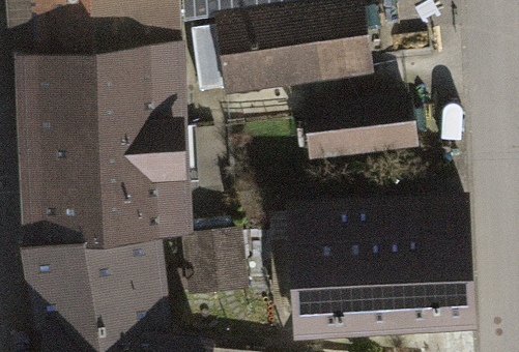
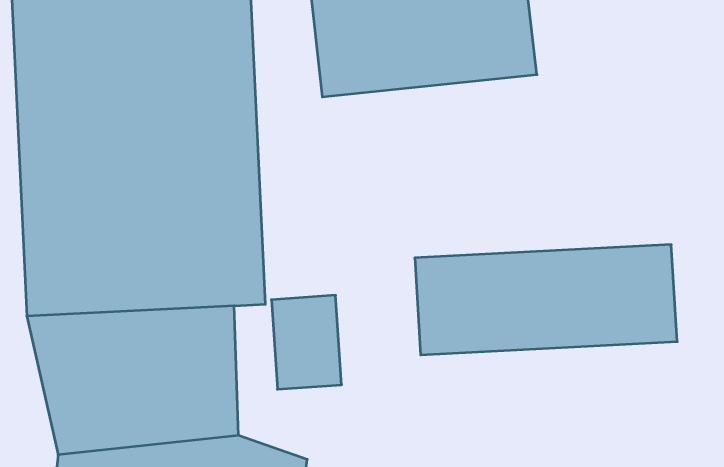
building: [302,90,415,152] -> none
building: [294,260,475,340] -> none

